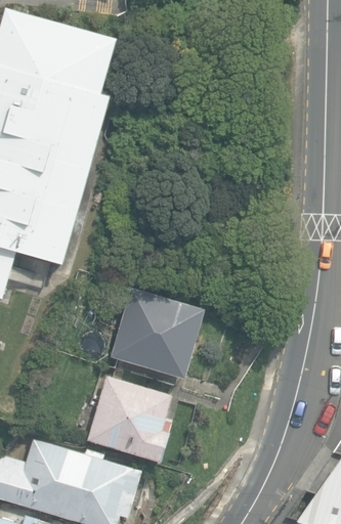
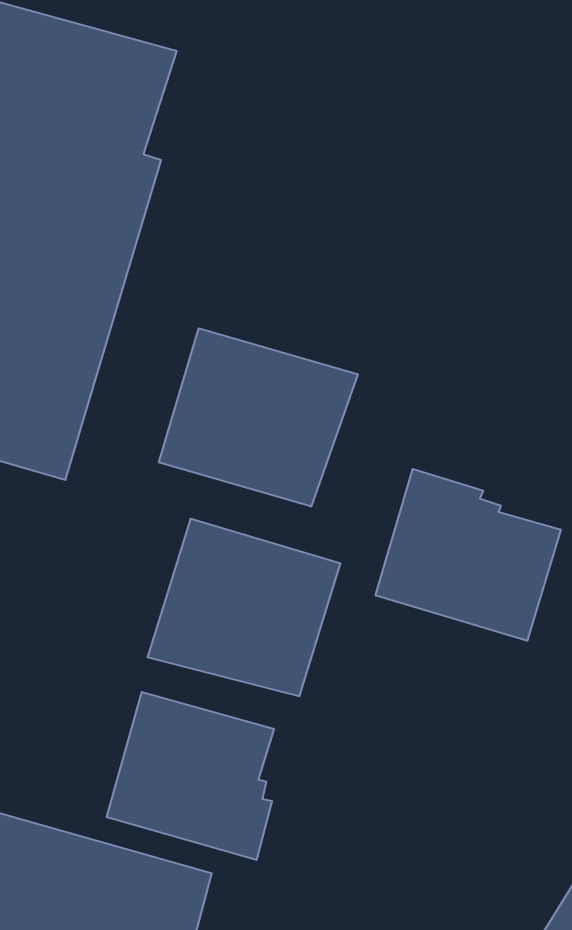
building: none -> [159,328,358,507]
building: none -> [376,469,561,641]

